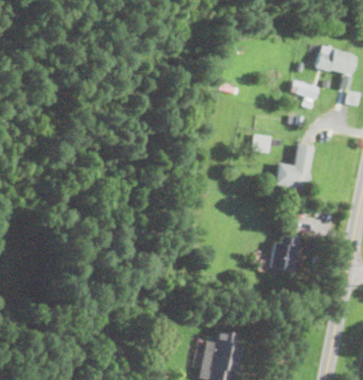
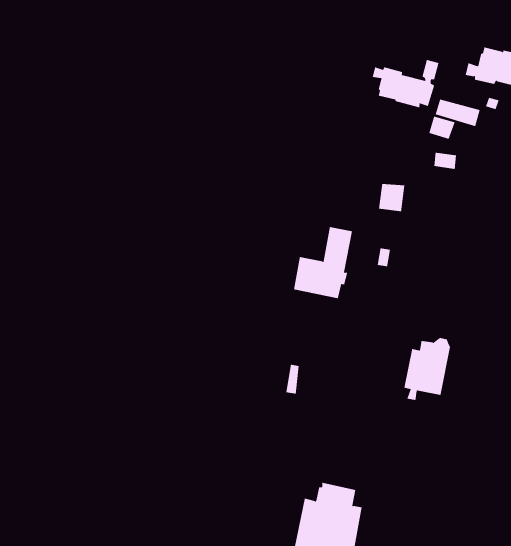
building: none -> [372,59,439,108]
building: [276,143,314,190] -> [293,227,353,299]

